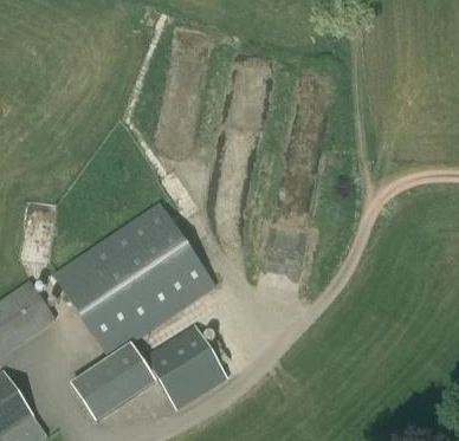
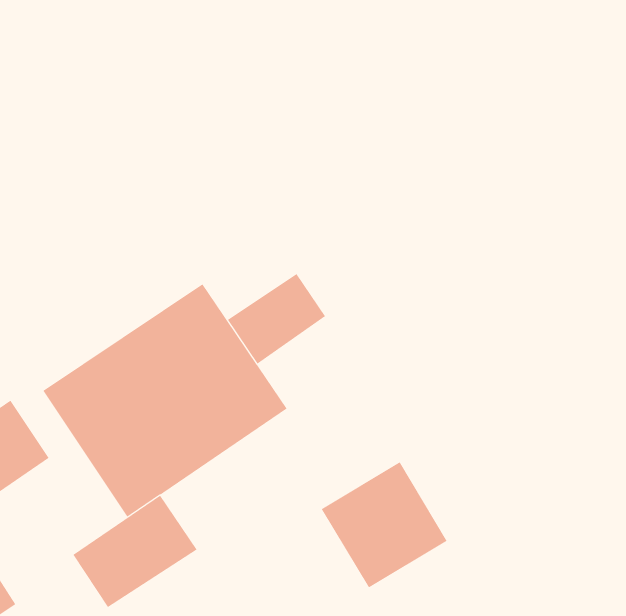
building: none -> [227,273,326,365]
building: [143,325,228,410] -> [321,461,448,588]

